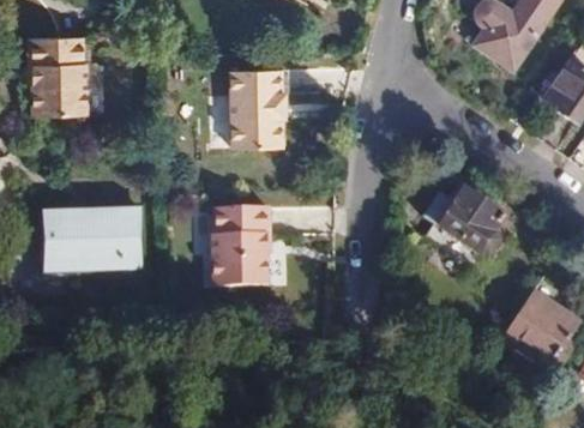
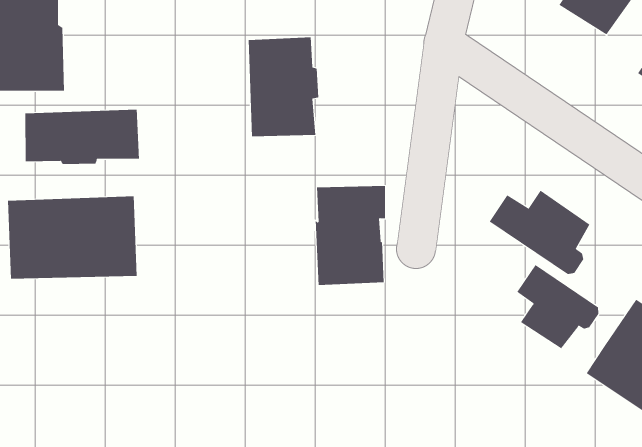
building: none -> [25,109,140,165]
building: [213,209,270,288] -> [315,185,386,285]
building: none -> [517,264,599,349]

